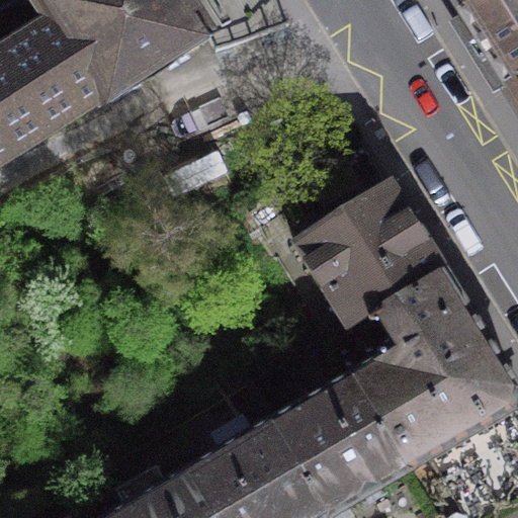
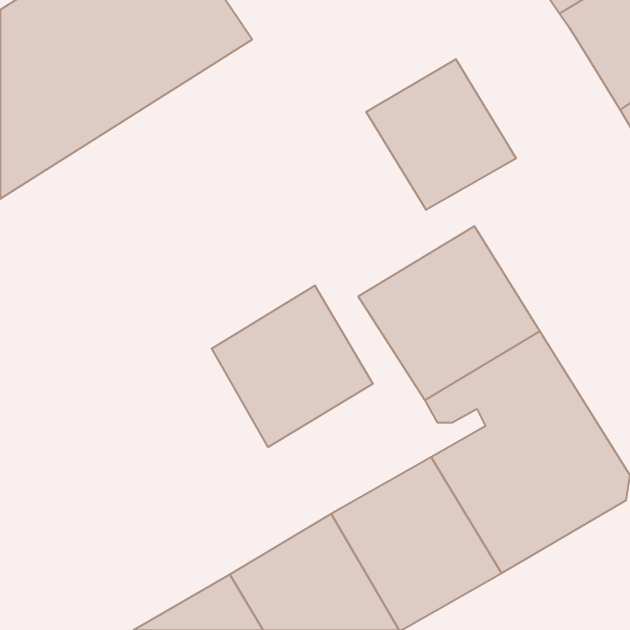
building: none -> [366,59,516,210]
building: none -> [212,285,373,447]

